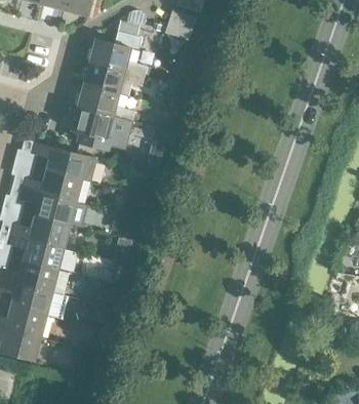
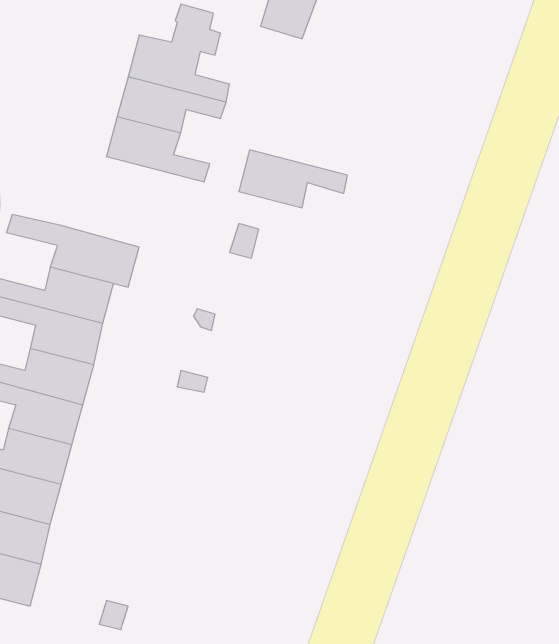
building: [71,107,132,139] -> [239,150,347,208]

